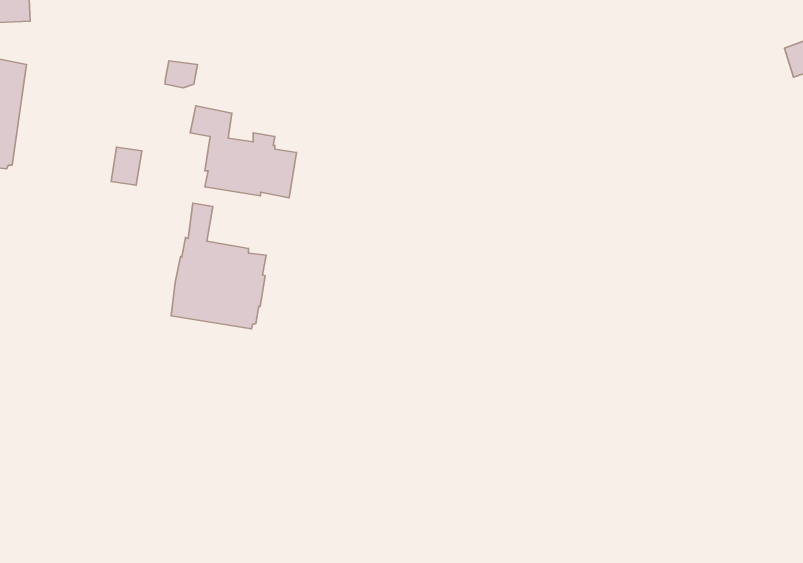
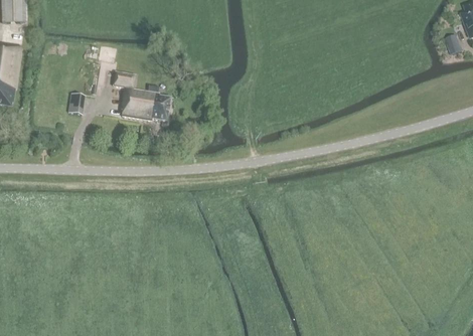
building: [171,203,266,329] -> none

